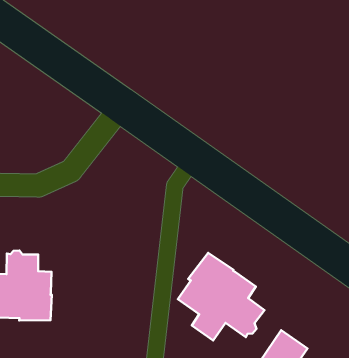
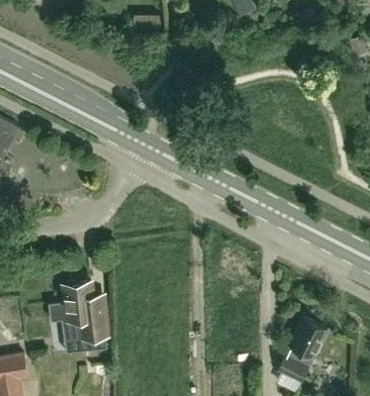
building: [178,253,265,341] -> none

